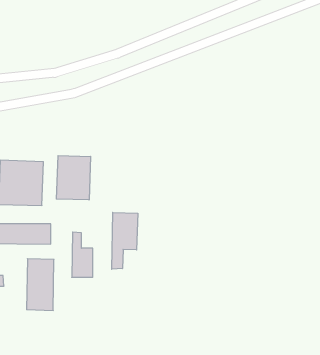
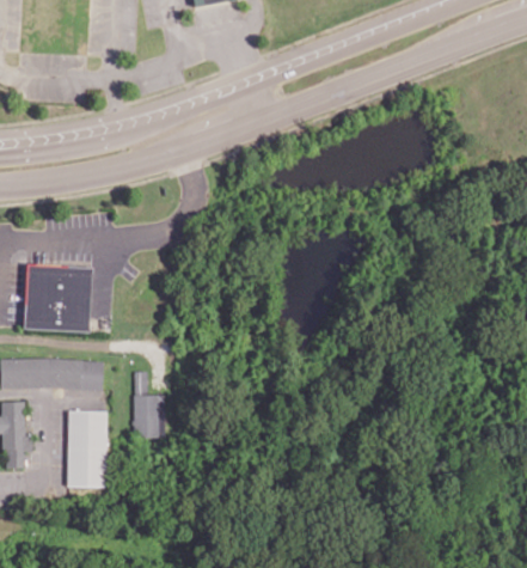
building: [56,156,91,200] -> none
building: [112,212,138,269] -> none

